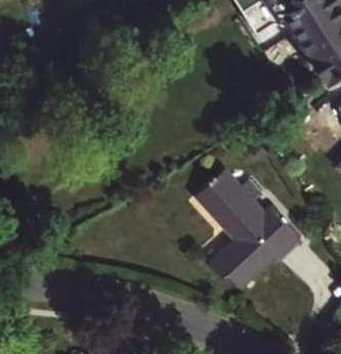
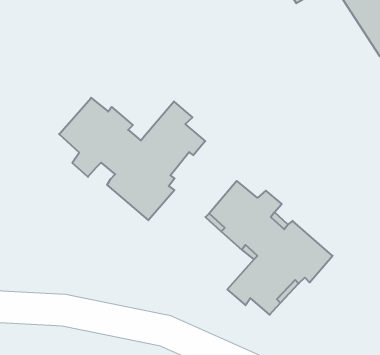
building: none -> [59,98,205,220]

